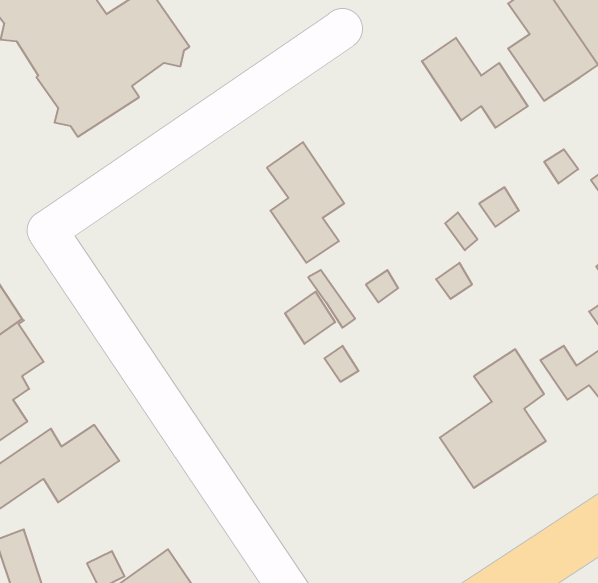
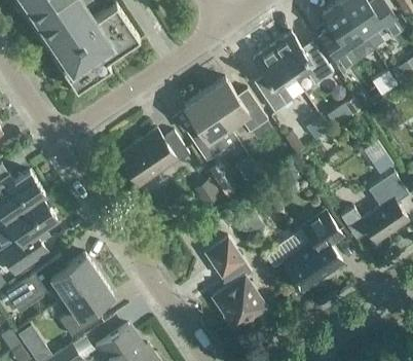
building: none -> [254,45,295,111]
building: none -> [204,77,268,132]
building: none -> [119,129,190,185]
building: none -> [203,236,266,328]
building: none -> [60,274,113,336]

